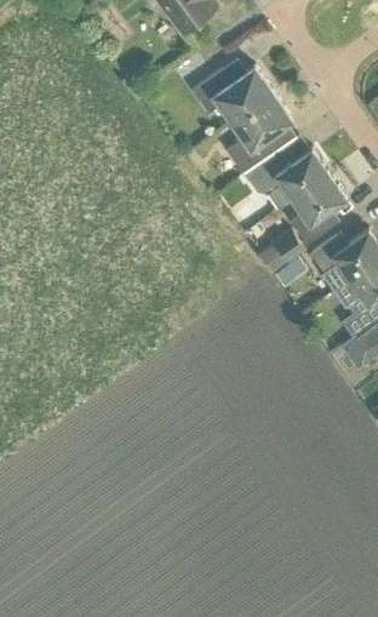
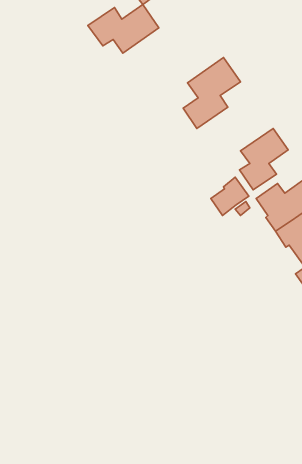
building: [193,68,274,124] -> [88,4,159,53]
building: [245,148,331,211] -> none

